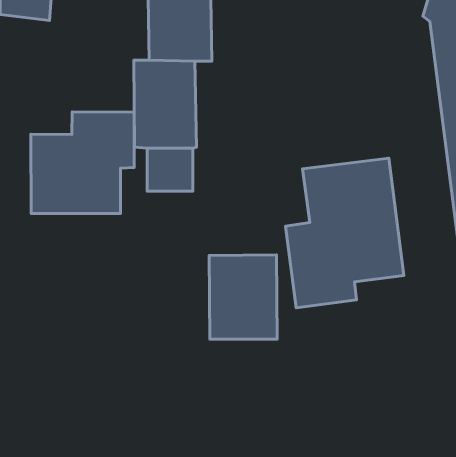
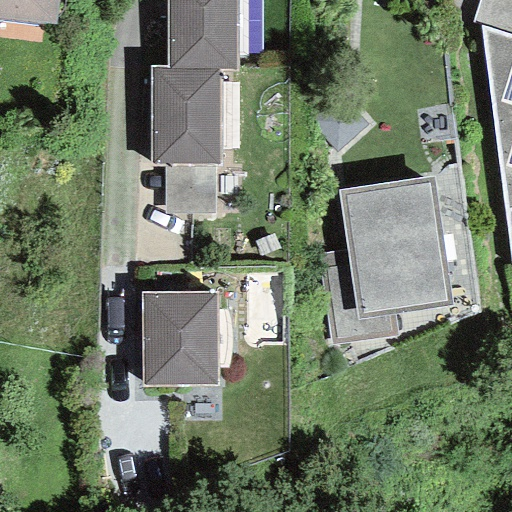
building: [31,112,134,214] -> none
building: [209,255,277,339] -> [143,291,219,385]

